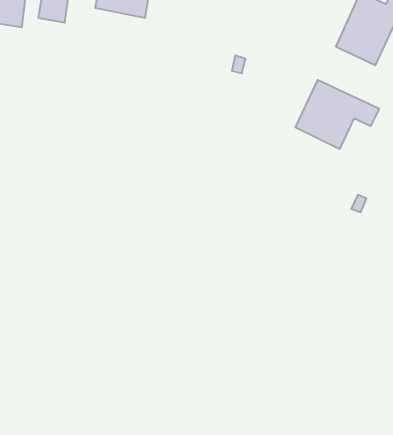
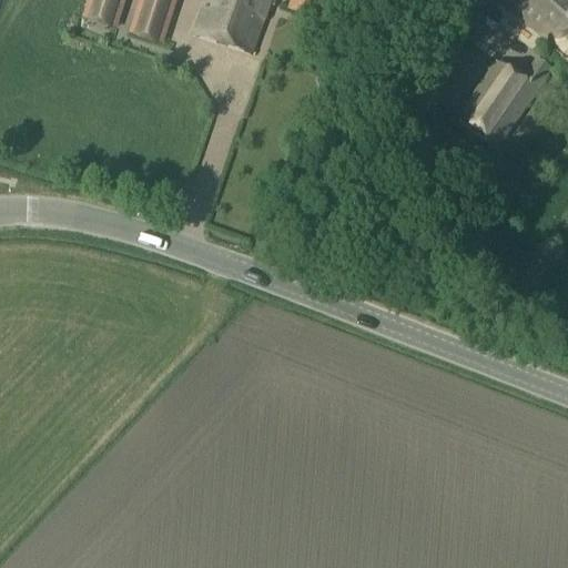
building: [296,80,379,149] -> none

